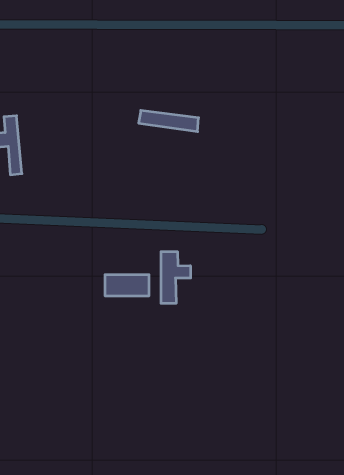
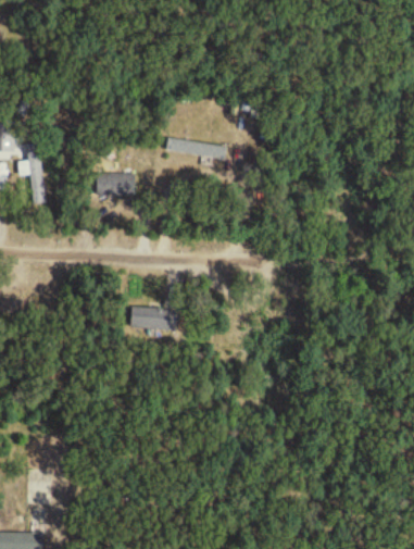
building: none -> [98,175,134,196]
building: [161,252,191,303] -> none

